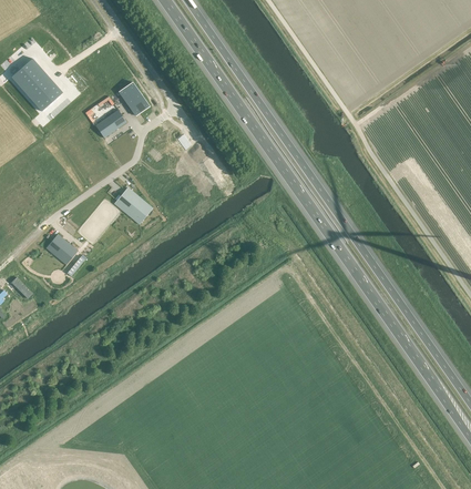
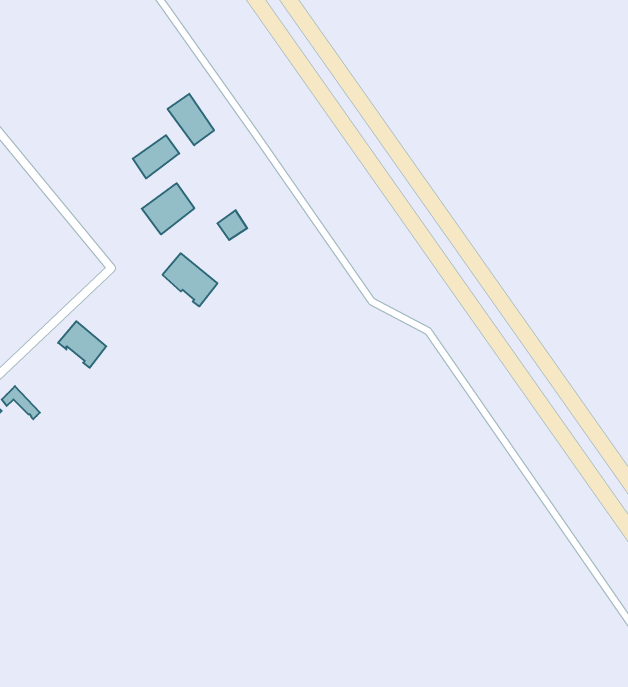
building: [10,58,62,111] -> none
building: none -> [142,183,194,234]

